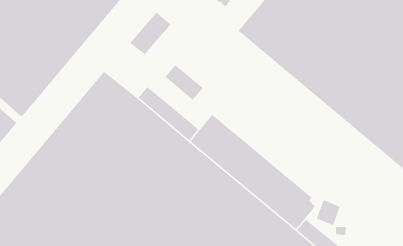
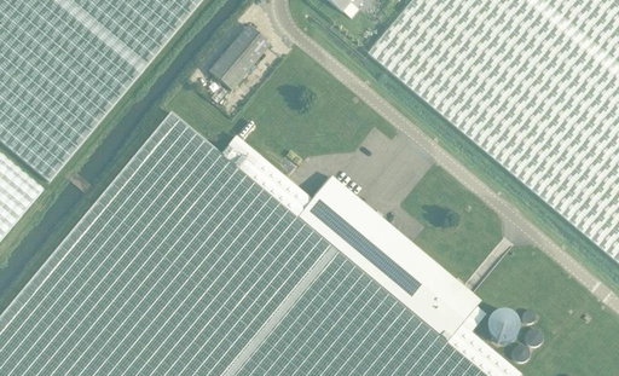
building: [164,65,204,101] -> none

